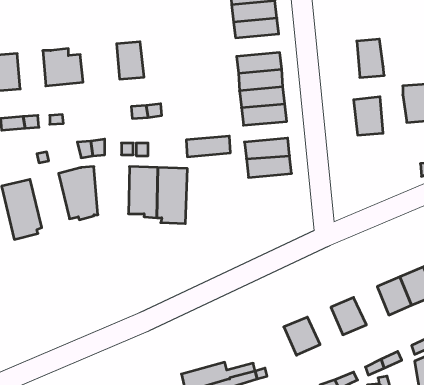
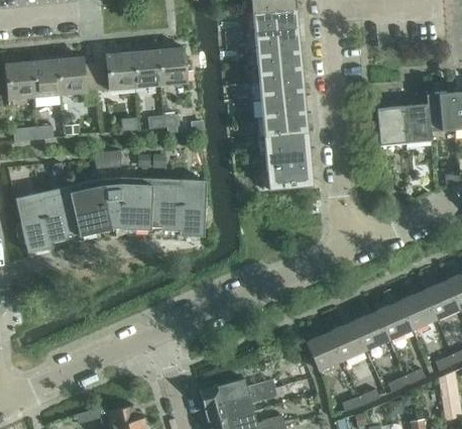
building: none -> [255,41,301,65]
building: none -> [157,46,187,86]
building: [357,39,384,77] -> [403,104,432,143]
building: none -> [96,51,136,91]
building: none -> [31,59,61,98]
building: [186,136,230,157] -> [263,131,309,152]
building: none -> [110,177,146,228]
building: none -> [44,185,85,240]
building: none -> [376,301,413,340]
building: none -> [329,322,365,360]

